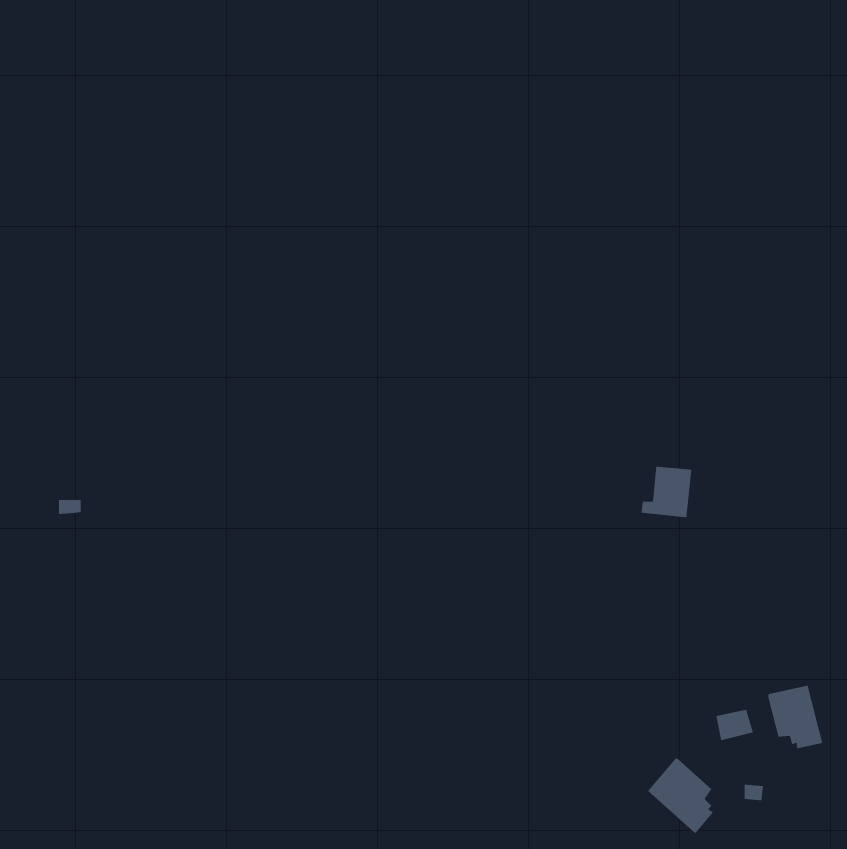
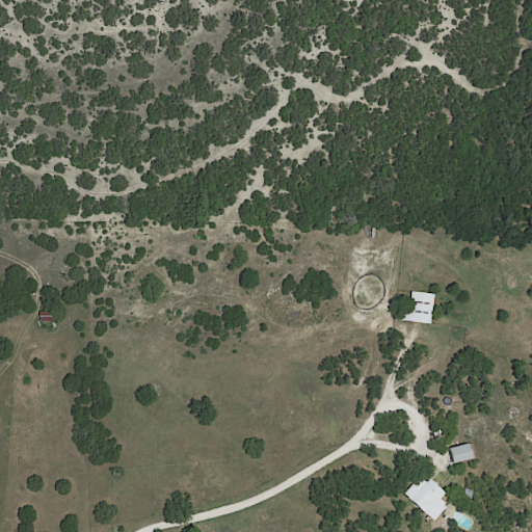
building: [768,685,823,749] -> none

